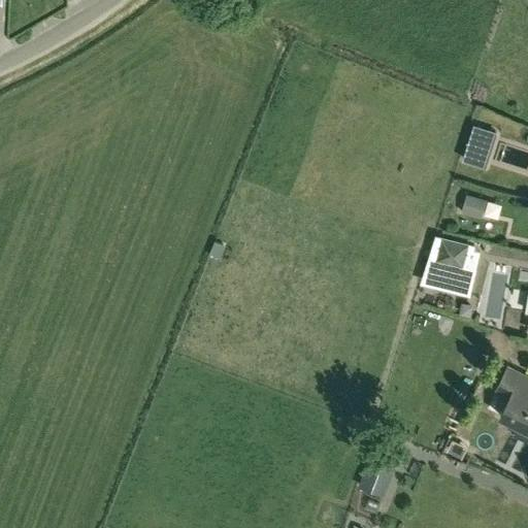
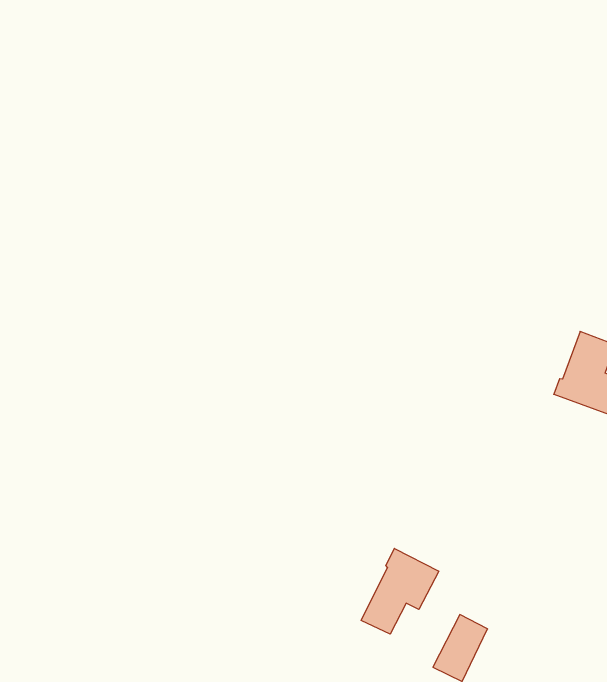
building: none -> [361,548,439,634]

